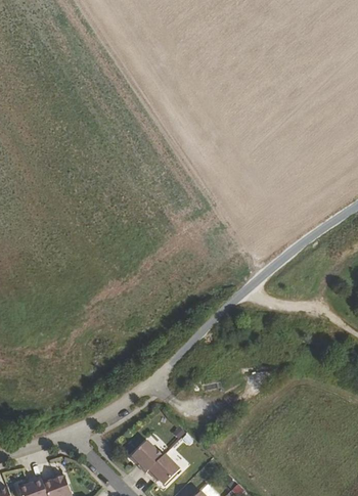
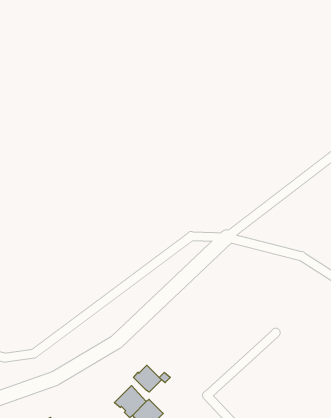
building: none -> [134,365,161,392]

